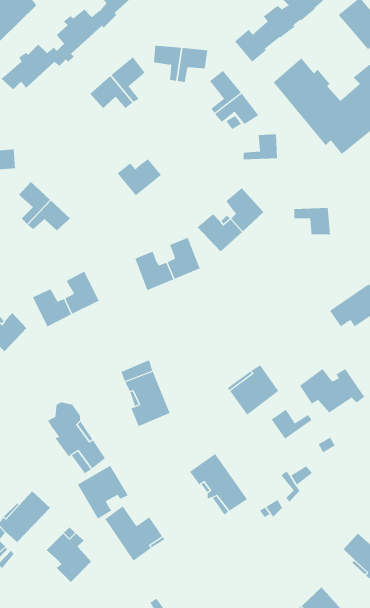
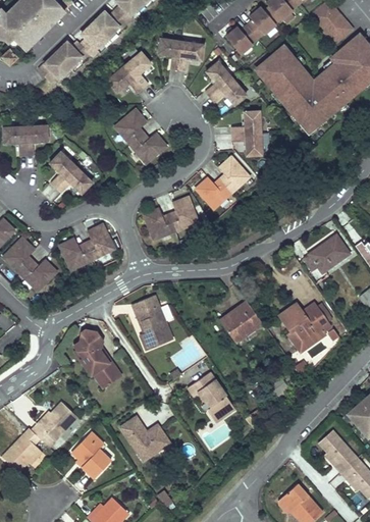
building: none -> [115,109,148,145]
building: [293,208,331,235] -> [233,133,264,155]
building: [271,409,312,440] -> none
building: [77,465,129,520] -> none

